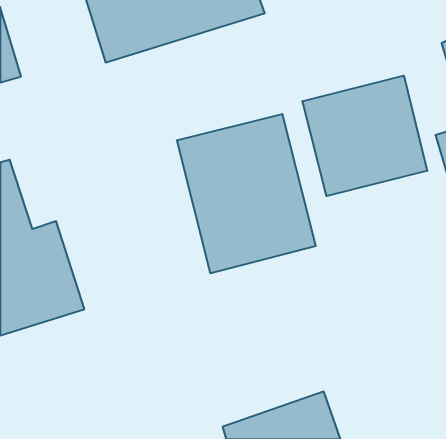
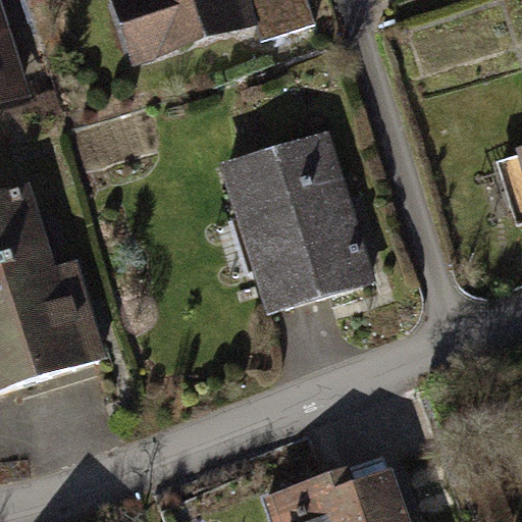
building: [302,76,427,196] -> none

